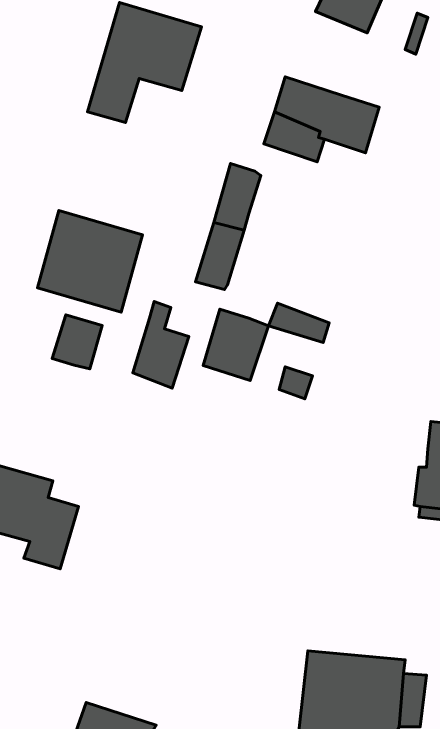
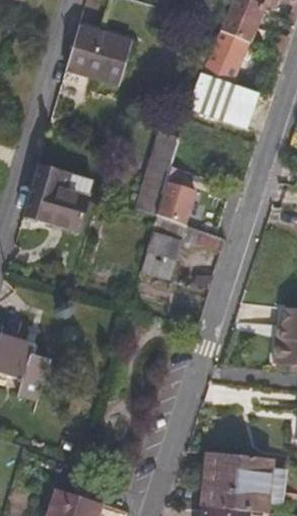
building: none -> [190,30,245,86]
building: [133,302,189,388] -> [152,164,189,222]
building: [52,315,102,369] -> none

